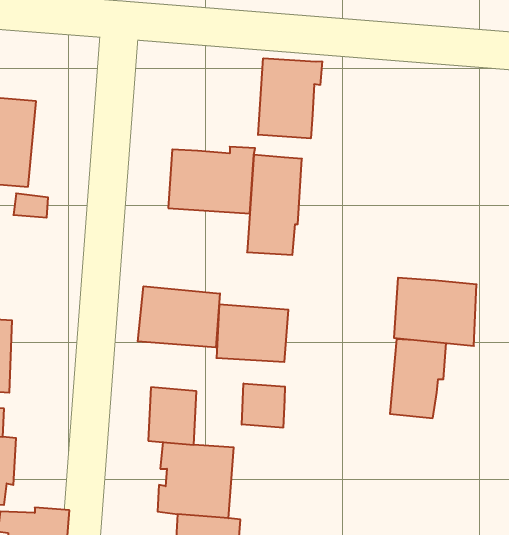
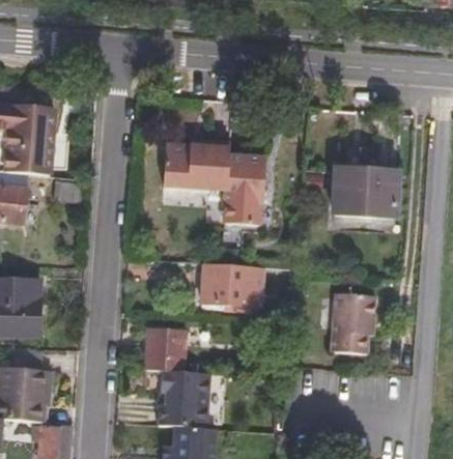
building: [258,58,322,138] -> none
building: [394,278,477,346] -> [334,168,398,221]
building: [138,286,220,347] -> none
building: [242,383,285,428] -> none

